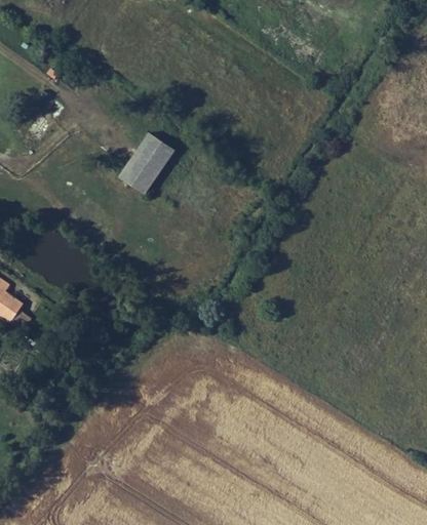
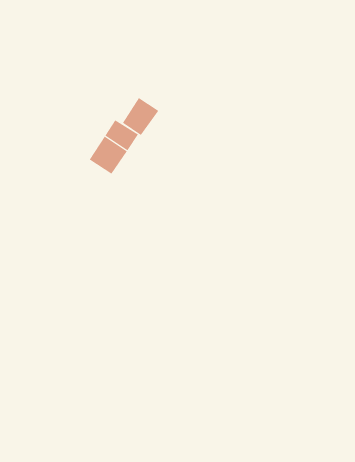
building: none -> [122,97,159,136]

